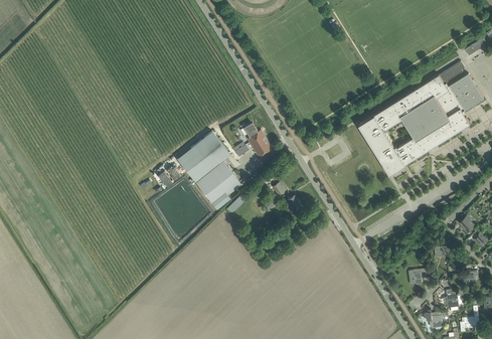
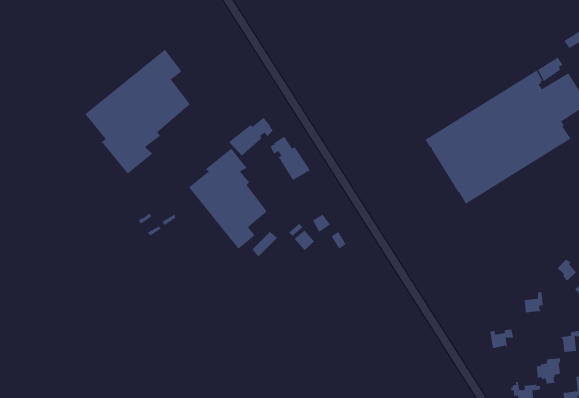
building: none -> [84,49,190,175]
building: none -> [228,117,274,157]

